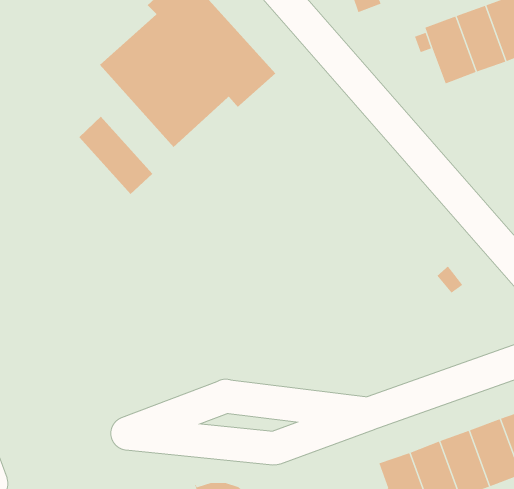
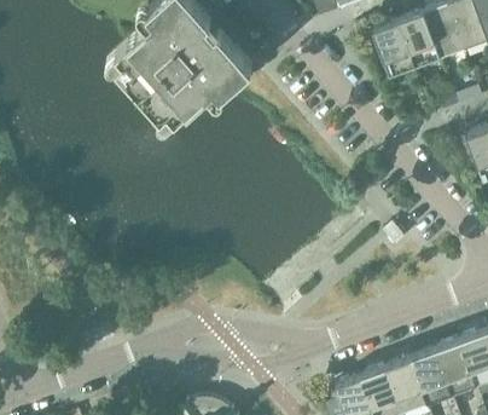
building: [79,116,153,195] -> none

